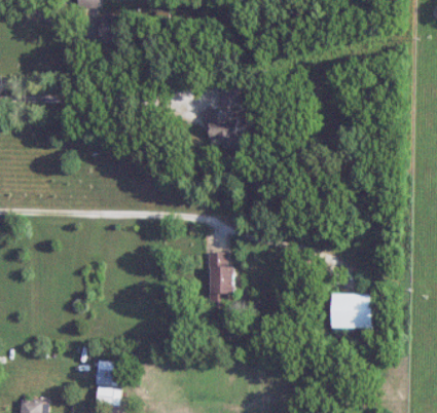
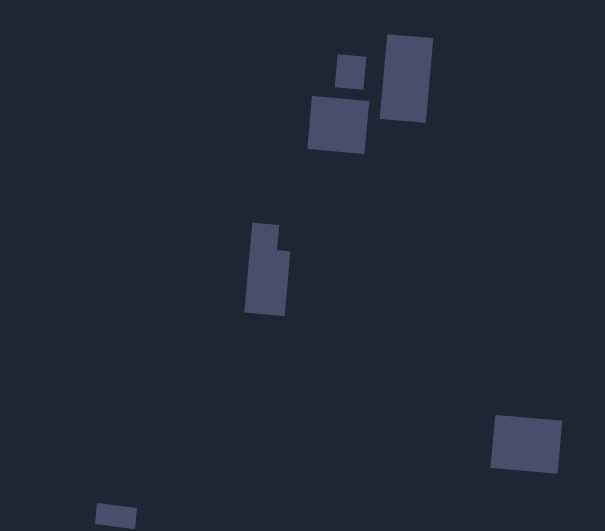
building: none -> [379,33,434,124]
building: [208,252,233,307] -> [244,222,291,317]

